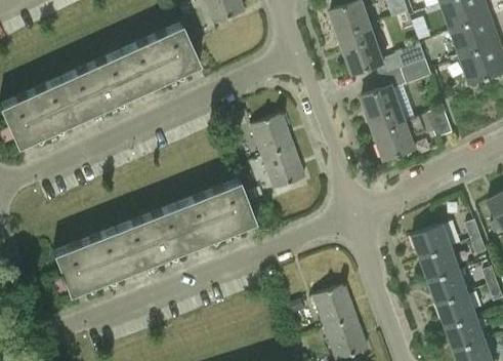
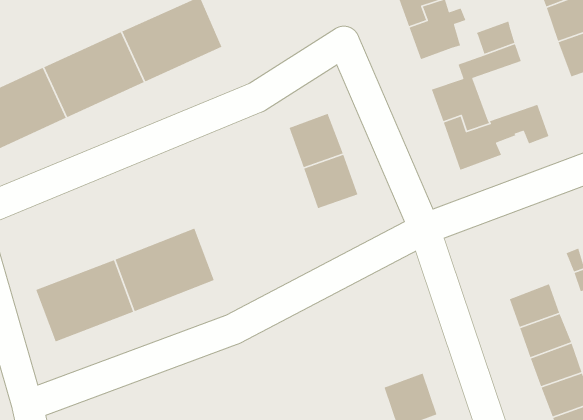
building: [178,182,255,246] -> none
building: [413,225,454,260] -> none
building: [313,286,355,329] -> none

